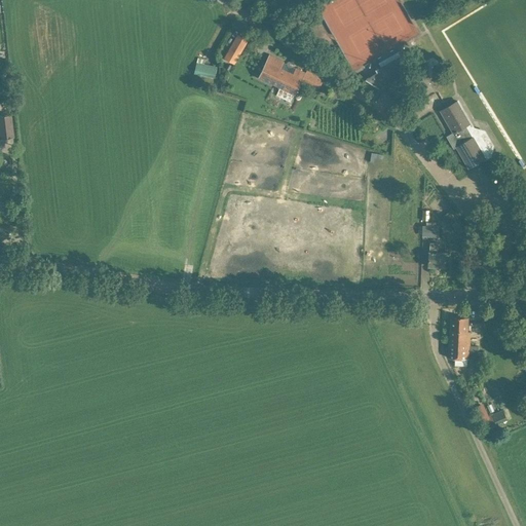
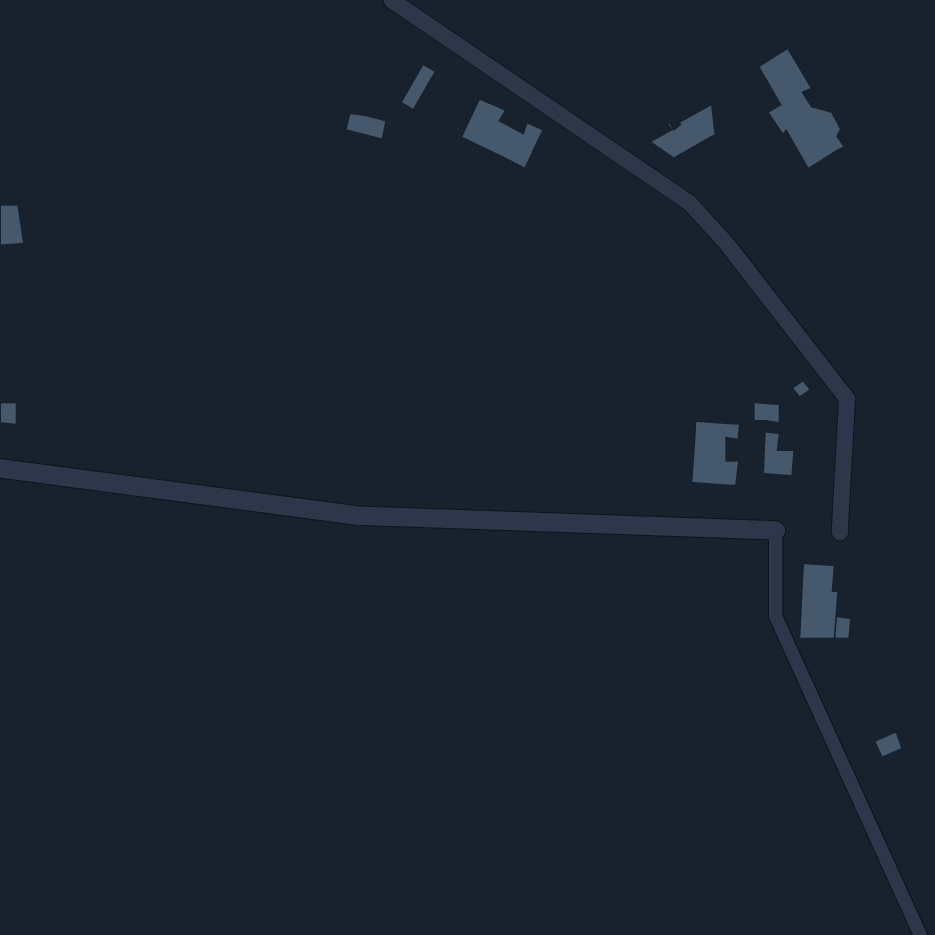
building: [441,101,489,168] -> [759,48,845,169]
building: none -> [692,421,740,486]

